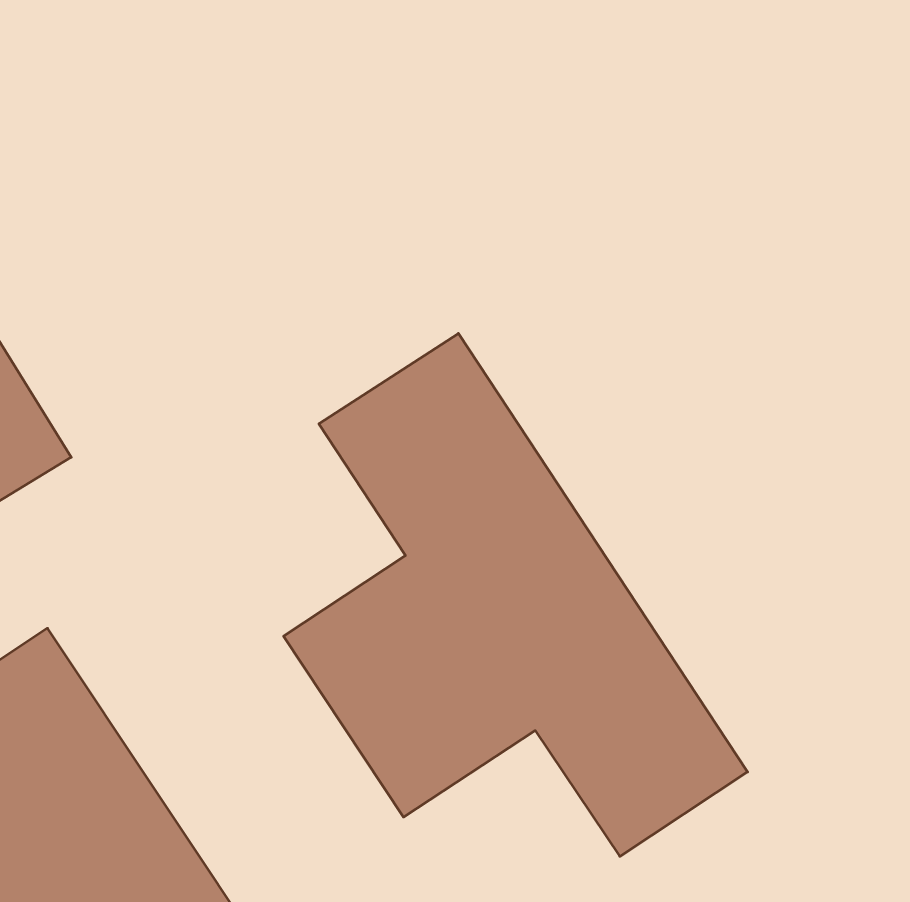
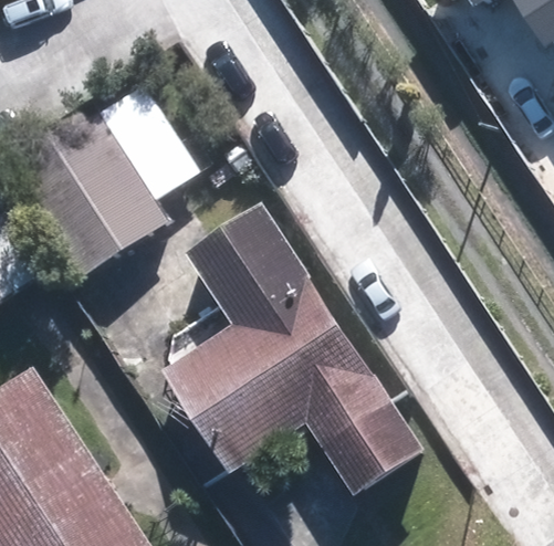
building: none -> [7,108,170,277]

